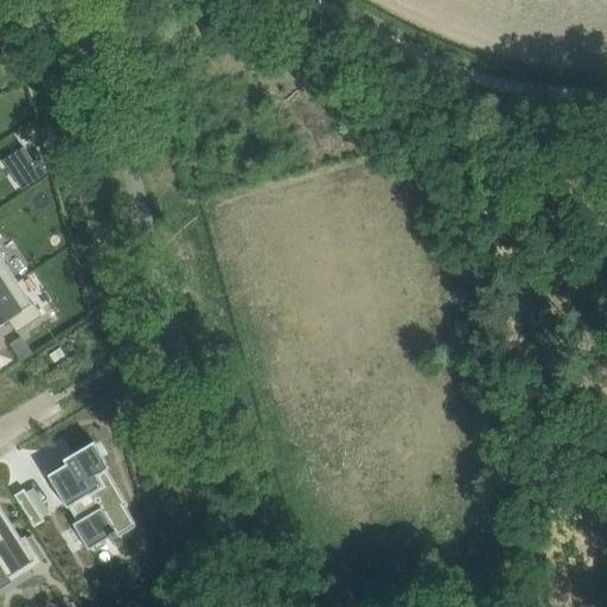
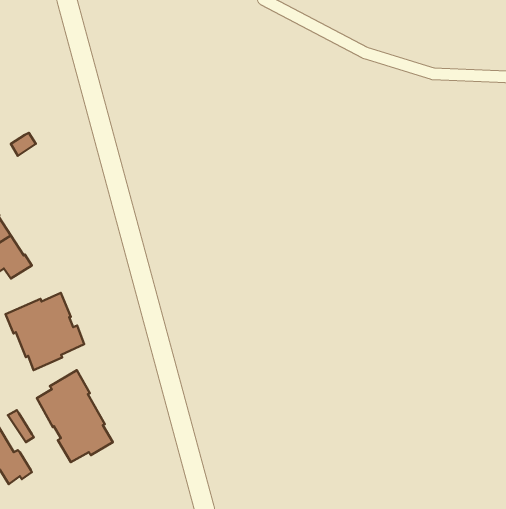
building: none -> [6,293,84,370]

